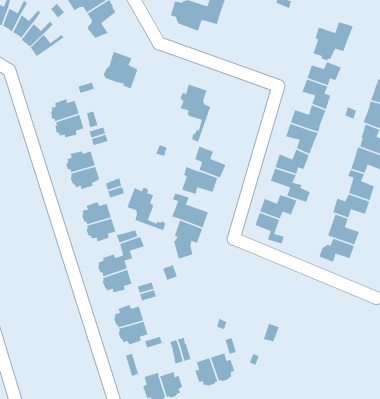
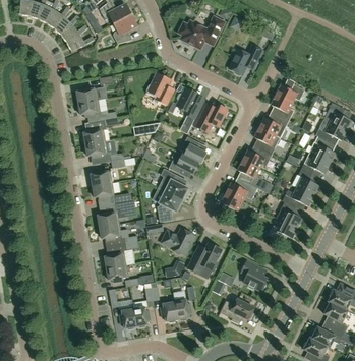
building: [312,21,354,61] -> [229,45,263,74]
building: [103,51,138,90] -> [146,72,174,104]
building: none -> [194,102,227,132]
building: [127,187,166,231] -> none
building: none -> [162,229,194,254]
building: none -> [187,242,222,274]
building: none -> [241,260,268,291]
building: none -> [220,298,254,318]

